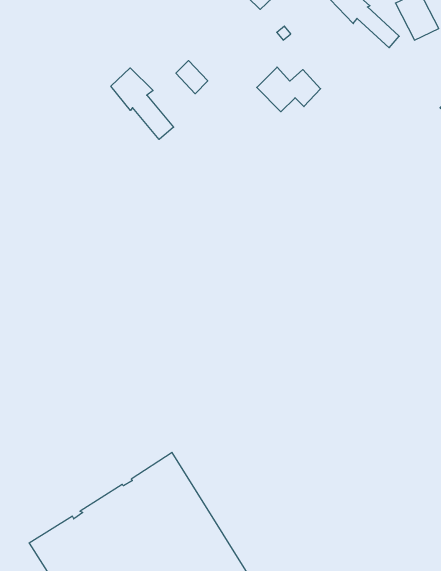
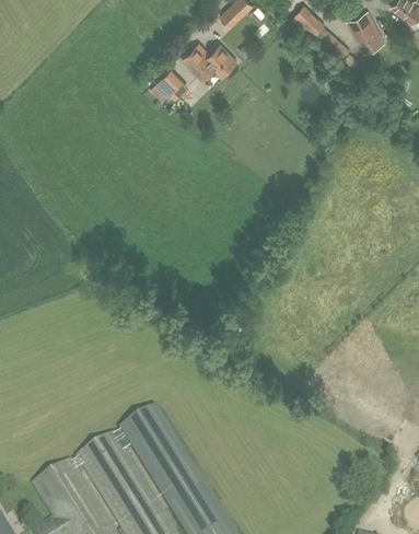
building: [257,67,321,112] -> [182,43,236,81]
building: [111,68,174,139] -> none

